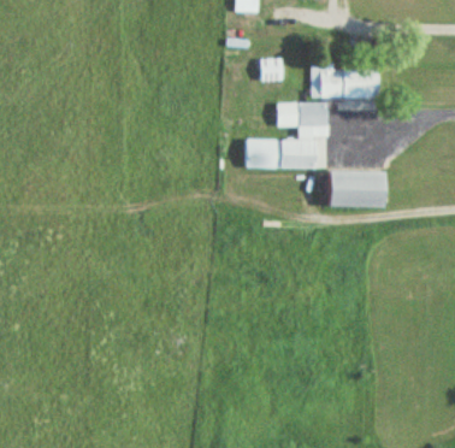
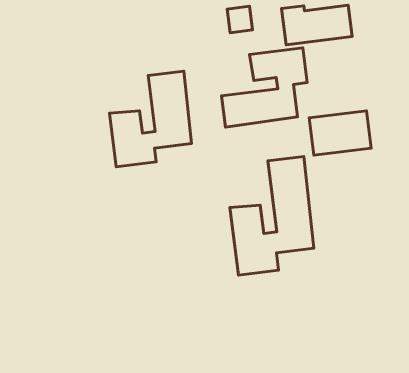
building: none -> [110,71,191,167]
building: none -> [230,156,314,275]

